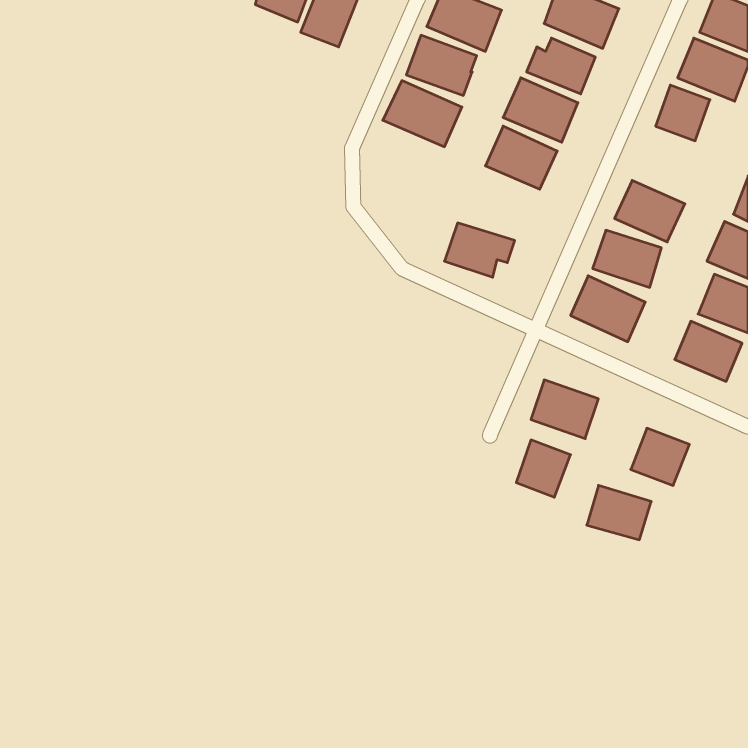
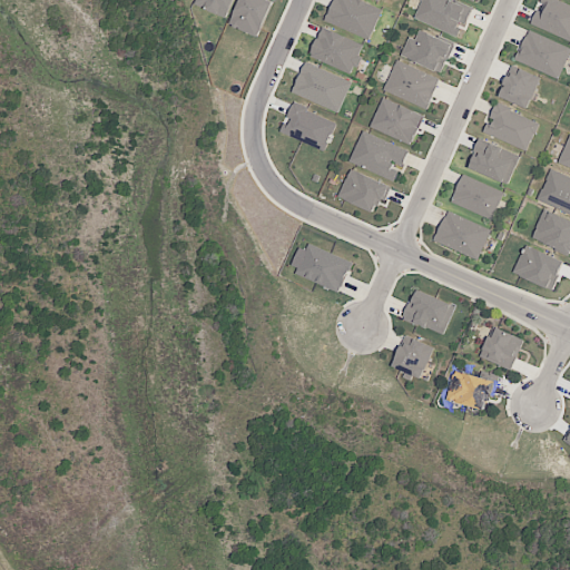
building: none -> [278,101,336,150]
building: none -> [483,102,538,149]
building: none -> [348,131,407,178]
building: none -> [294,243,352,292]

